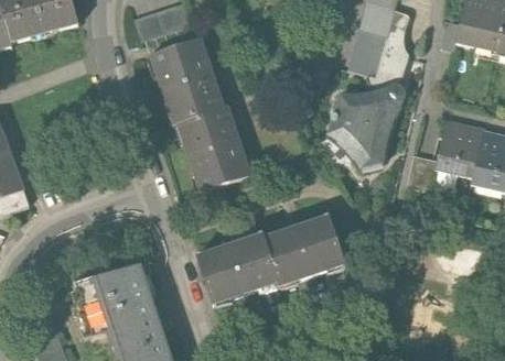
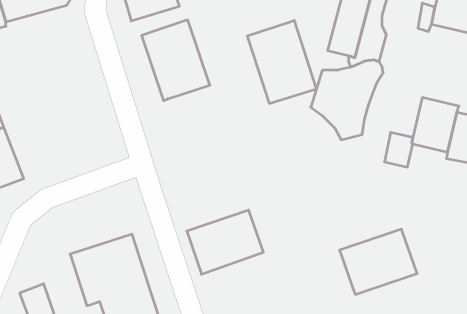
building: [179,105,251,192] -> [247,20,317,103]
building: [265,219,346,287] -> [339,229,417,294]

